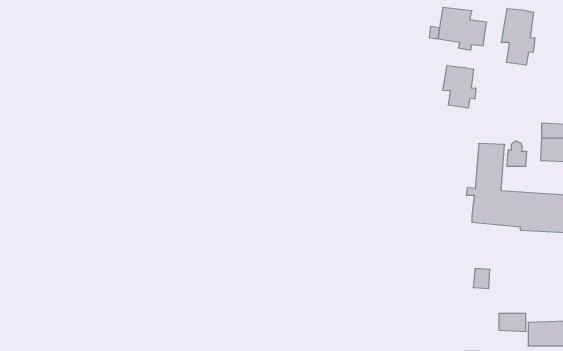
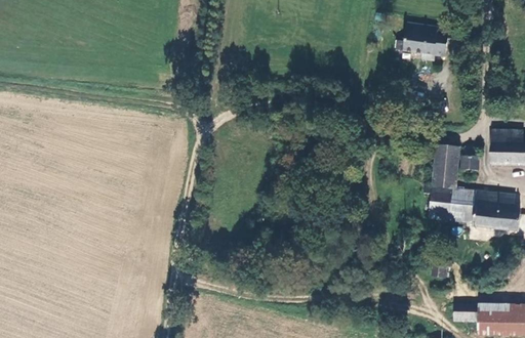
building: [502,8,535,65] -> none
building: [443,65,476,108] -> none

